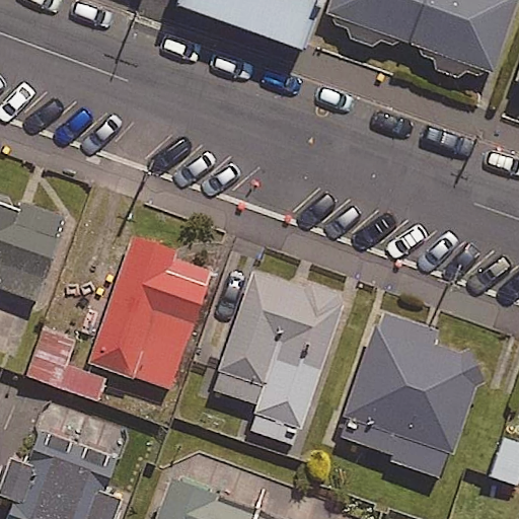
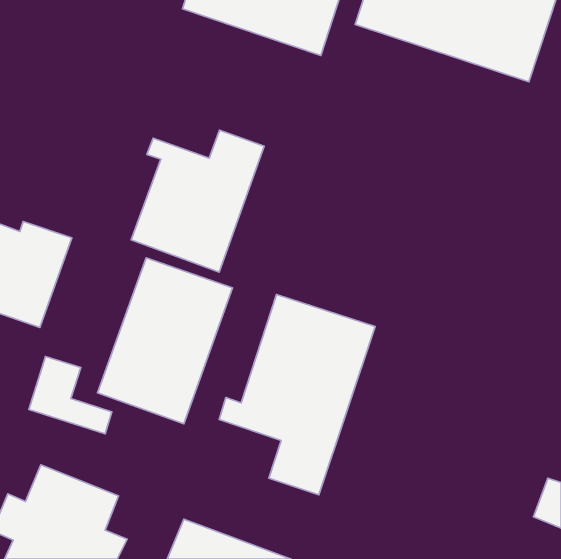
building: none -> [131,130,264,272]
building: [339,325,484,477] -> none

